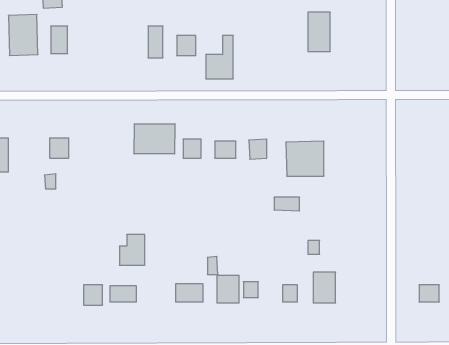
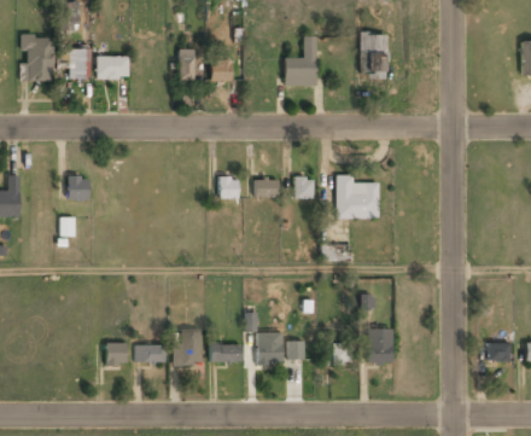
building: none -> [97,56,129,79]
building: [206,35,233,79] -> [285,36,316,86]
building: [134,124,175,154] -> none
building: [119,235,145,265] -> [173,330,202,365]

